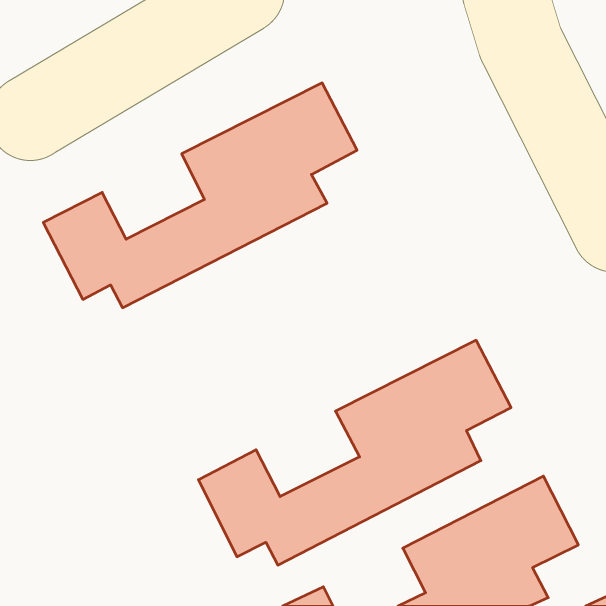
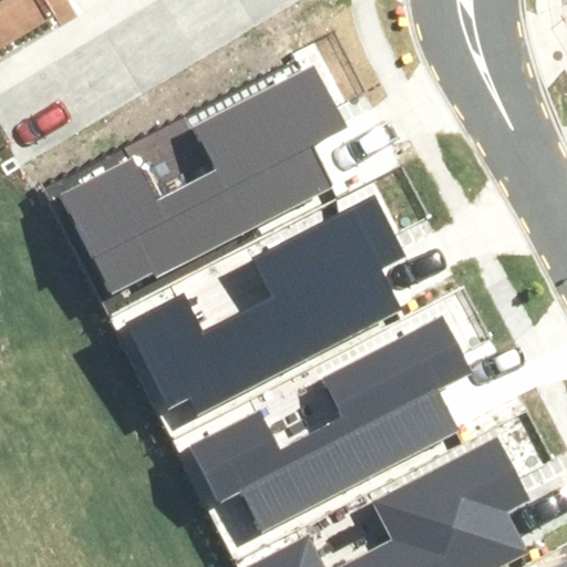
building: none -> [121,195,410,402]

